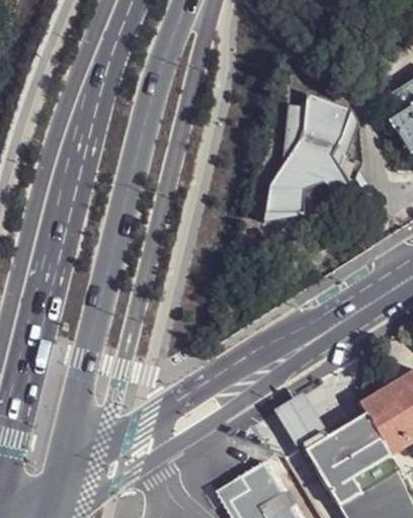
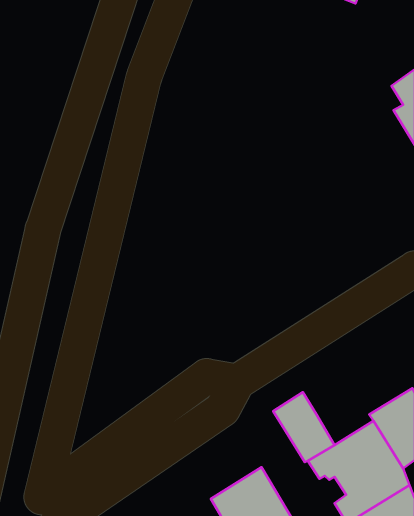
building: [265,97,359,224] -> none

